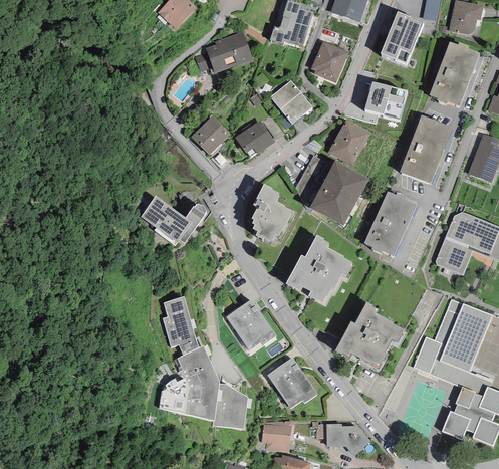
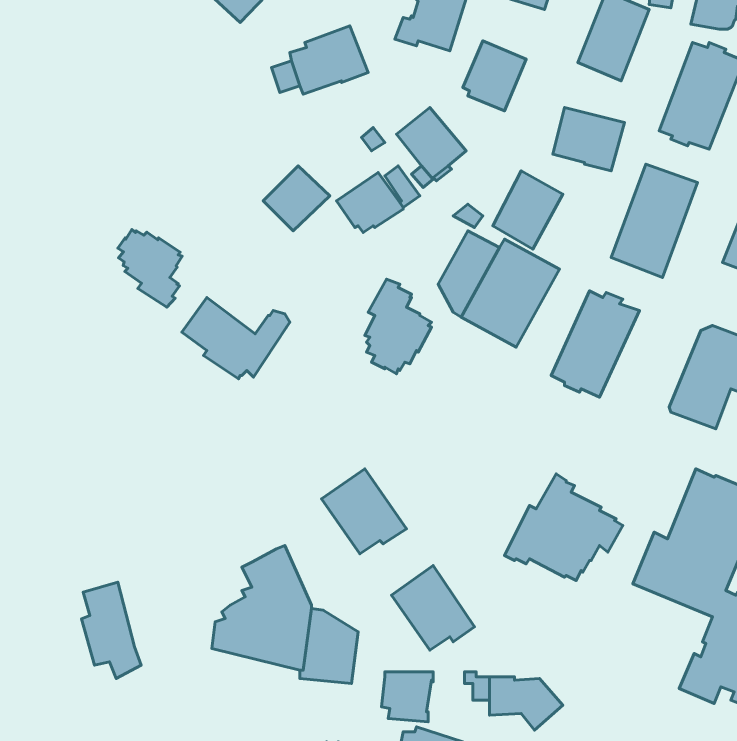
building: none -> [118,229,182,307]
building: [285,234,351,302] -> none
building: [162,296,198,355] -> [81,582,141,679]

